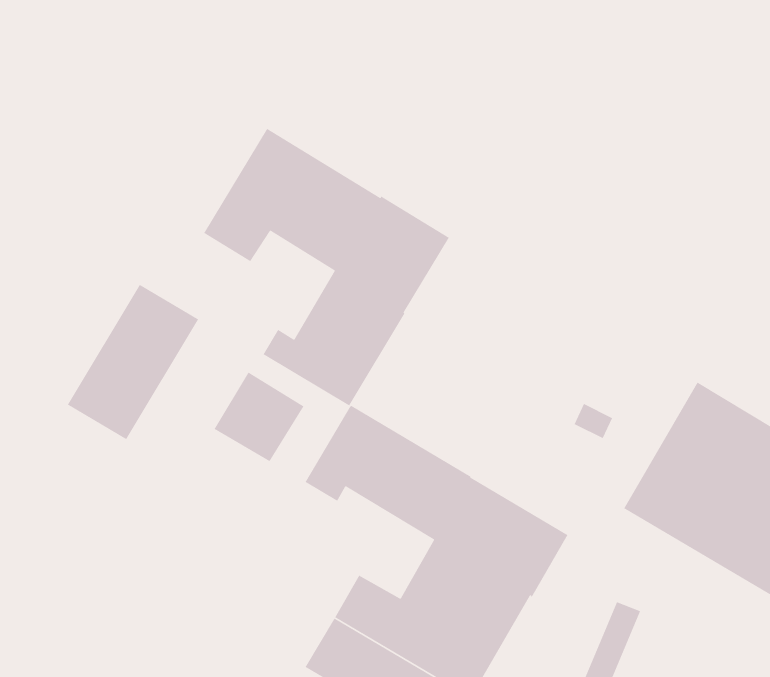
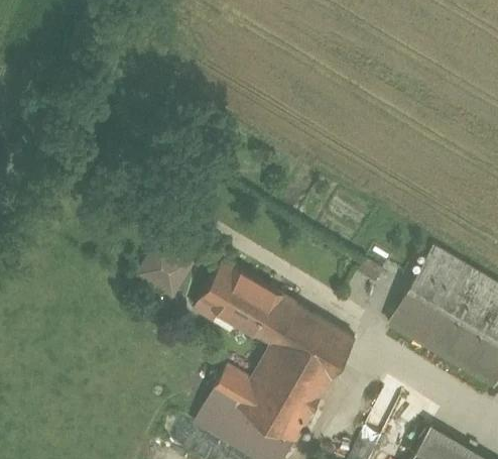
building: [203,128,450,406] -> none
building: [67,284,199,440] -> none

